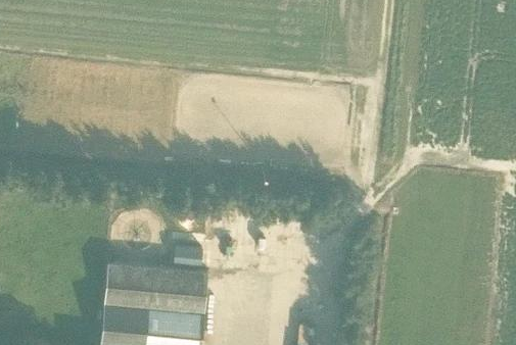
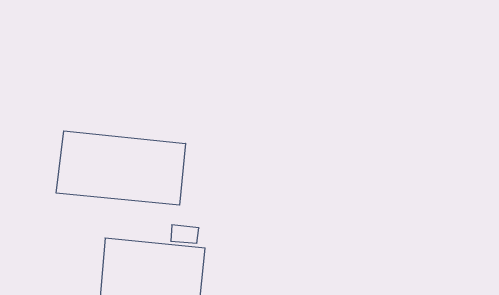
building: none -> [56,131,186,205]

